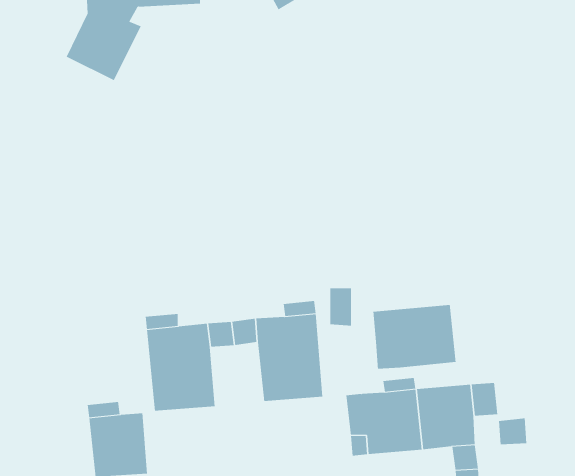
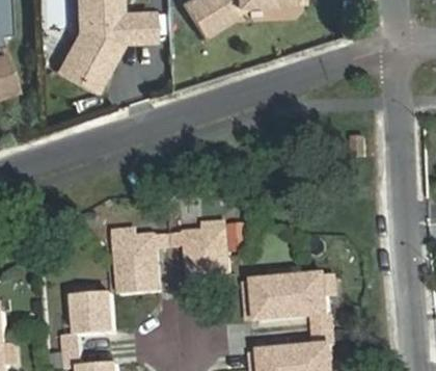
building: [373,304,456,369] -> none

